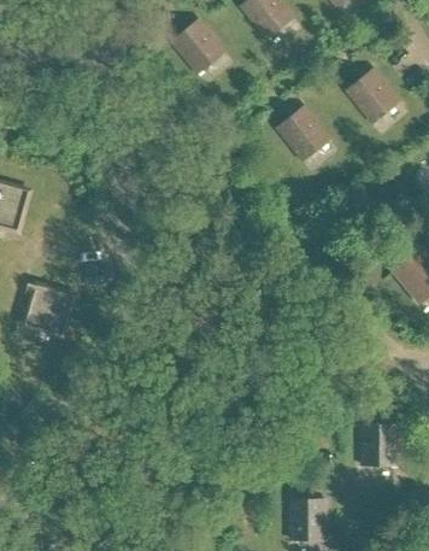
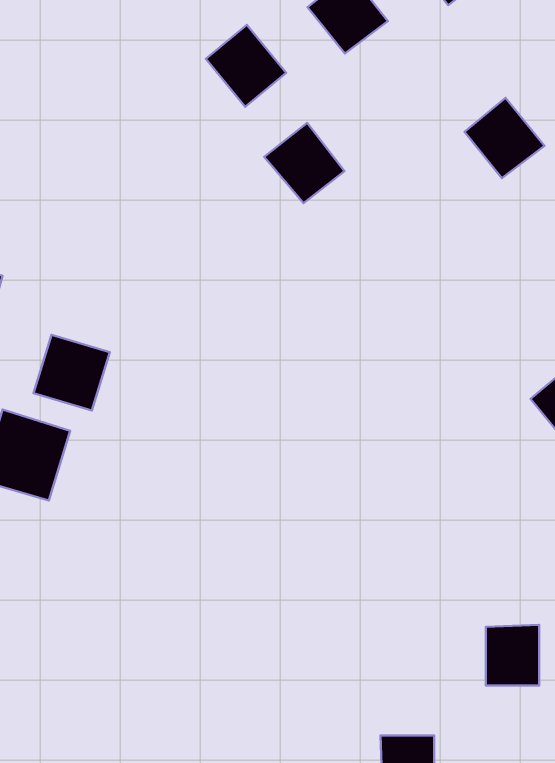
building: [276,105,330,159] -> [264,123,345,203]
building: none -> [34,335,110,411]

